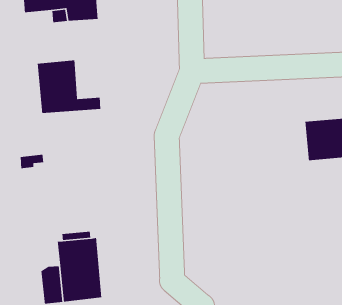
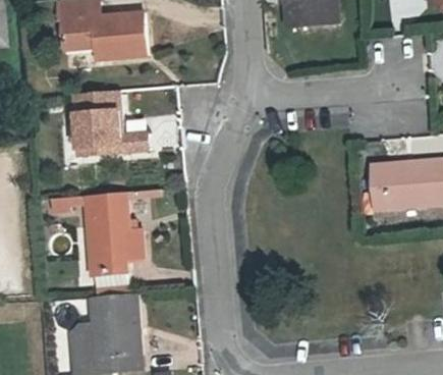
building: none -> [88,197,142,273]

